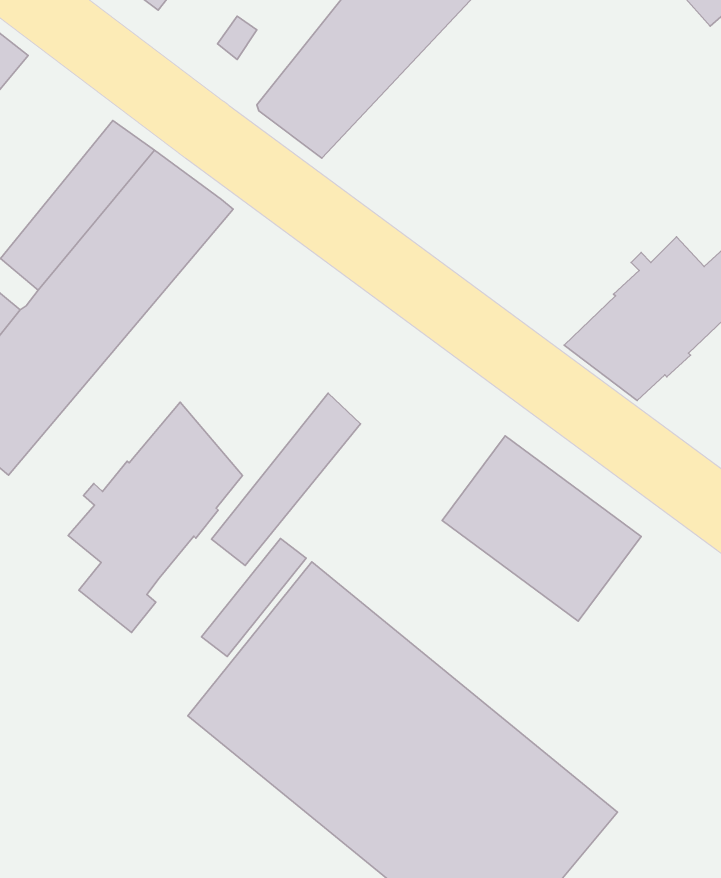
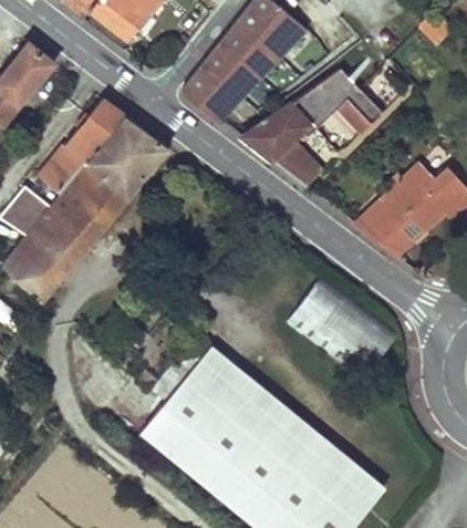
building: none -> [241,69,383,187]
building: [211,393,361,566] -> none
building: [68,402,243,632] -> none

